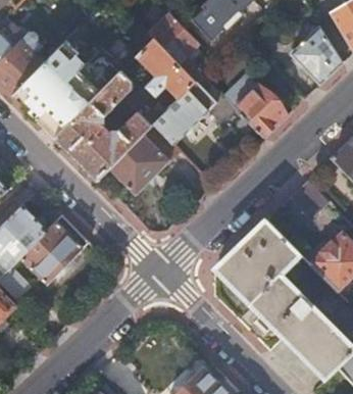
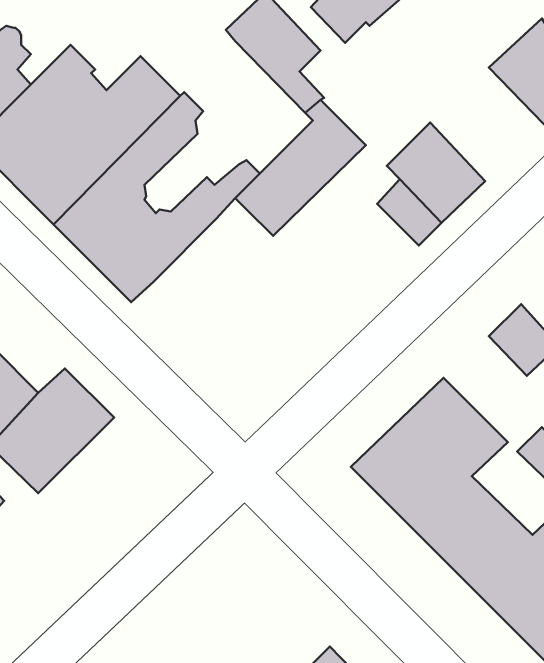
building: [136,39,195,98] -> none
building: [109,135,168,194] -> none

